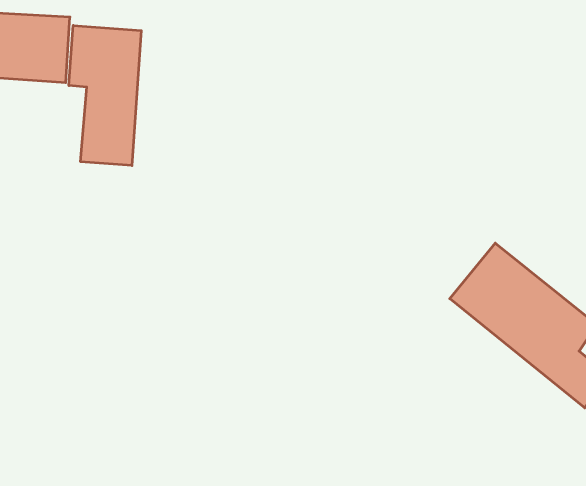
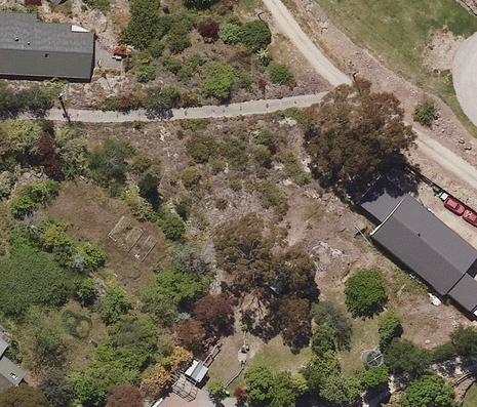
building: [69,25,141,166] -> none

